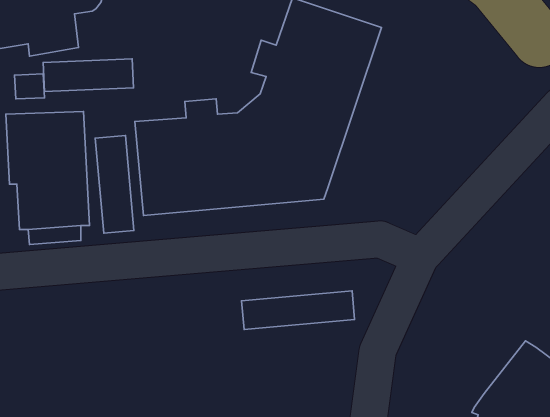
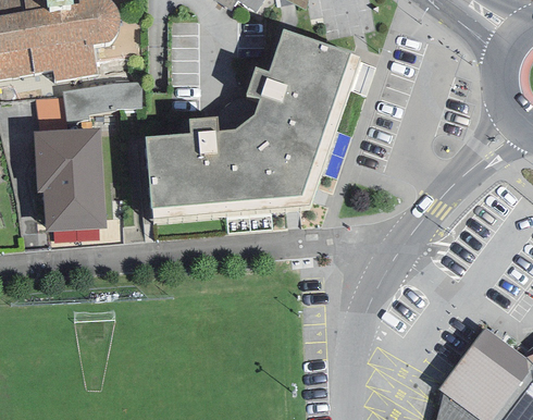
building: [95,135,134,233] -> none
building: [242,291,355,330] -> none

